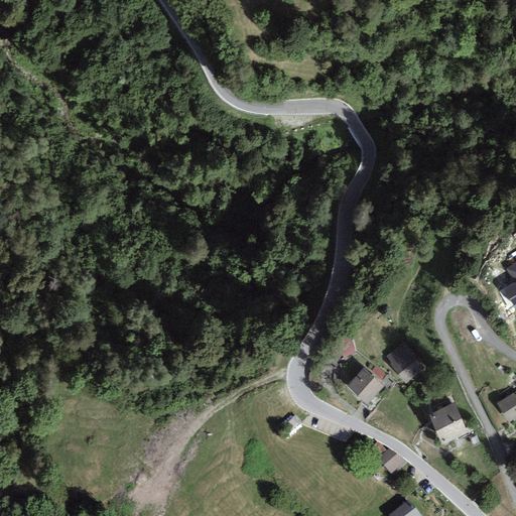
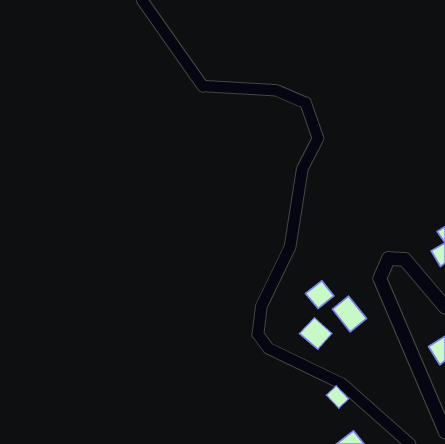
building: none -> [305,281,334,309]
building: [429,402,468,444] -> none

